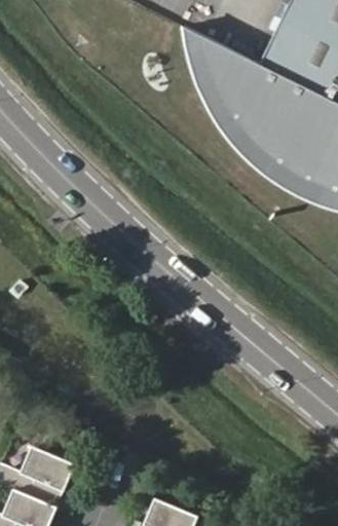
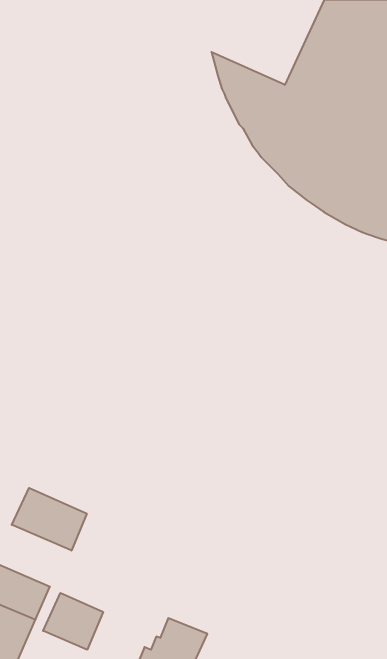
building: none -> [12,488,87,551]
building: none -> [43,593,103,650]

